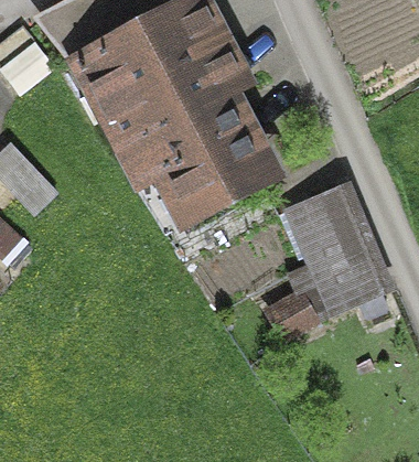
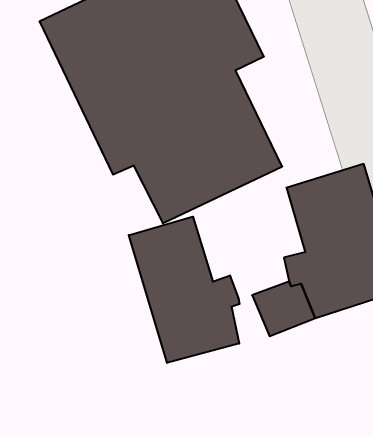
building: none -> [129,217,240,363]

